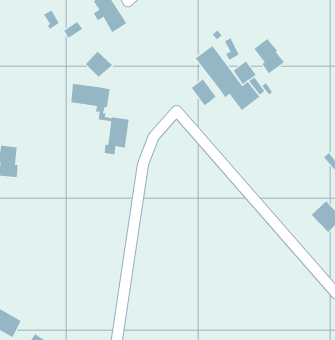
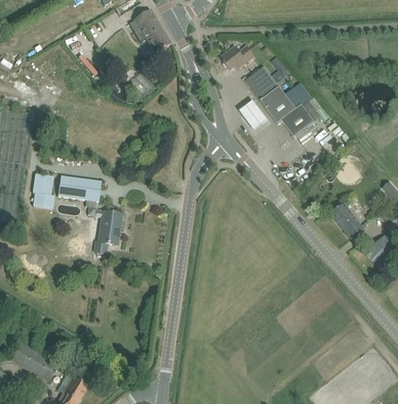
building: none -> [220,47,252,70]
building: [254,38,285,74] -> none
building: [70,83,129,155] -> [57,175,121,252]
building: none -> [330,203,363,240]

